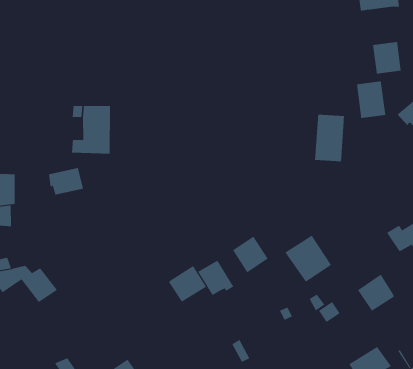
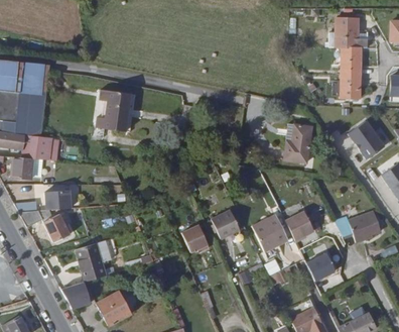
building: [356,81,386,119] -> [341,46,361,74]
building: [48,167,84,195] -> [47,191,74,210]
building: none -> [284,211,312,241]
building: [169,265,207,303] -> none
building: none -> [76,243,106,282]

